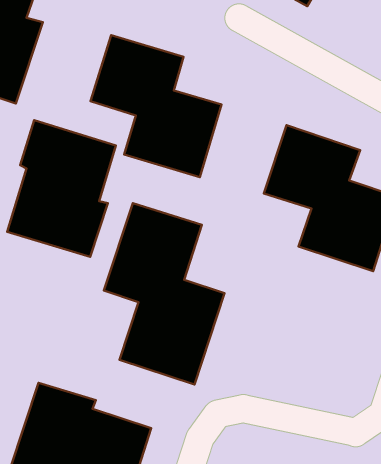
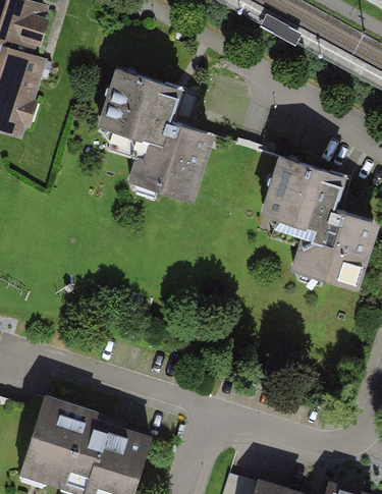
building: [7,120,116,257] -> none
building: [104,203,224,385] -> none

